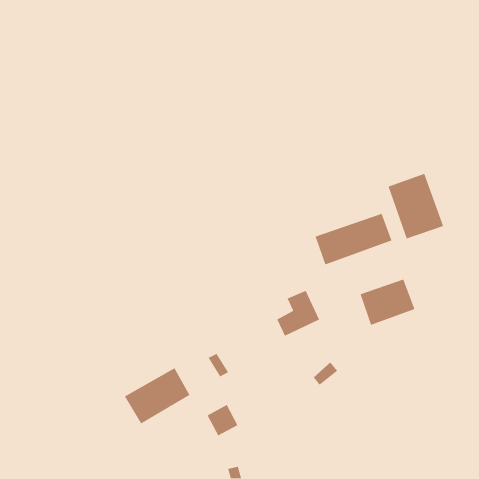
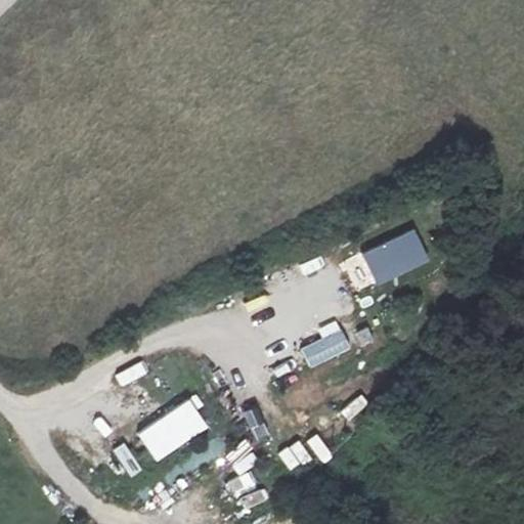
building: [388,173,444,240] -> none
building: [360,278,415,326] -> none

